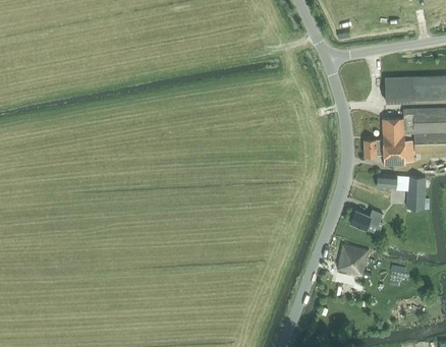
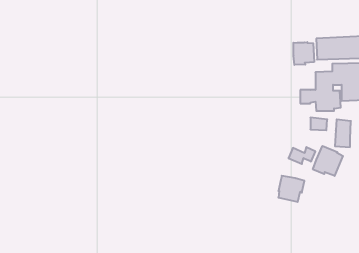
building: none -> [293,42,314,65]
building: none -> [313,146,343,176]

